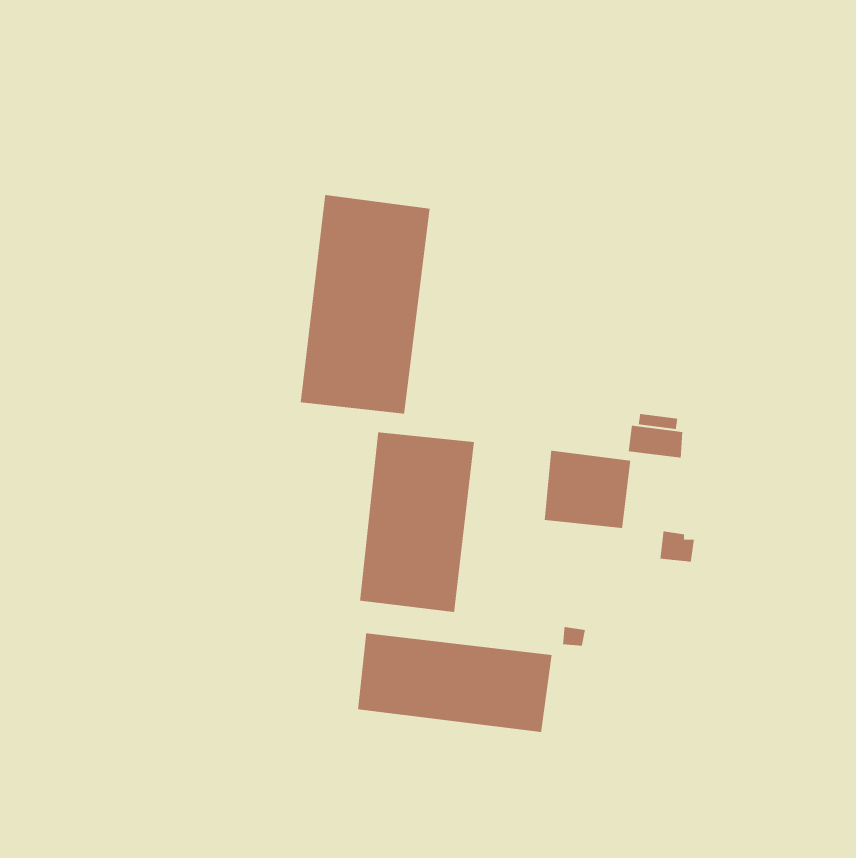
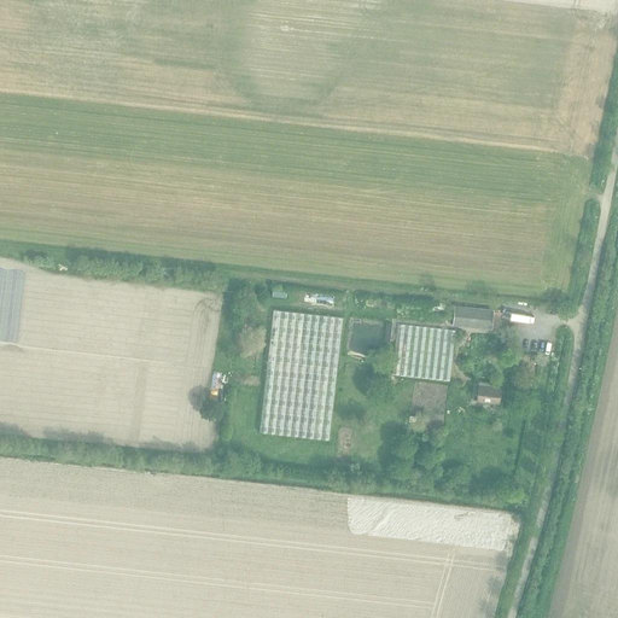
building: [300,194,431,415] -> none
building: [357,633,552,733] -> none

